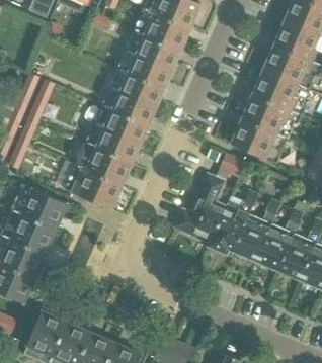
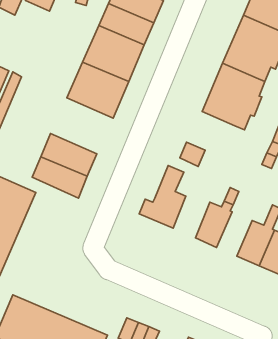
building: [83,104,149,163] -> none
building: [231,118,287,162] -> none
building: [210,182,260,253] -> none
building: [257,200,306,270] -> none

